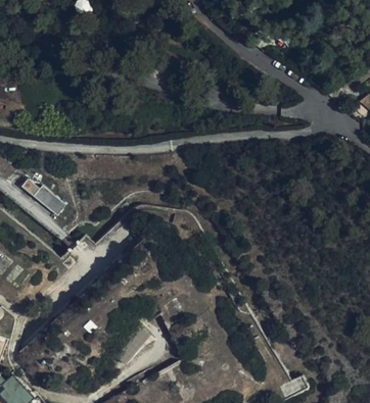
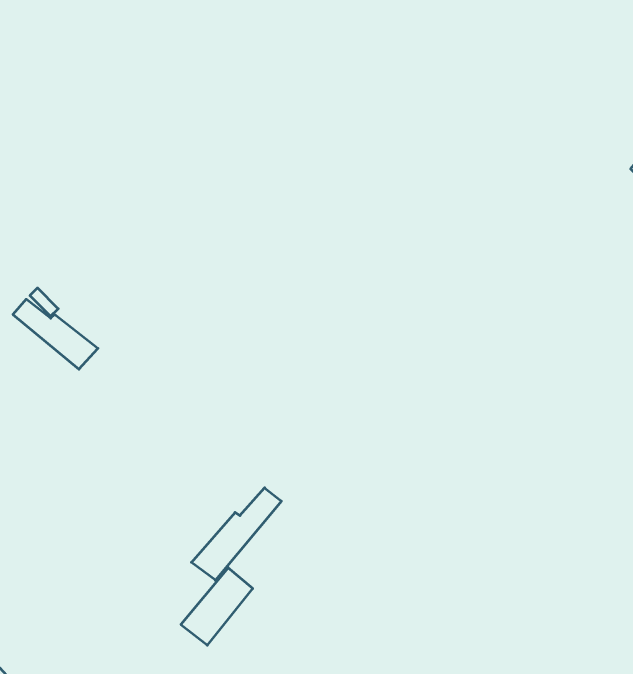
building: none -> [191,488,281,580]

